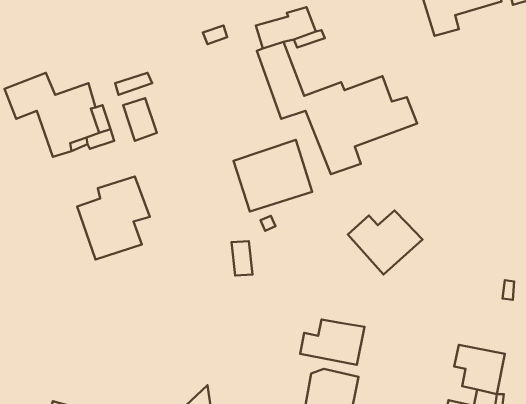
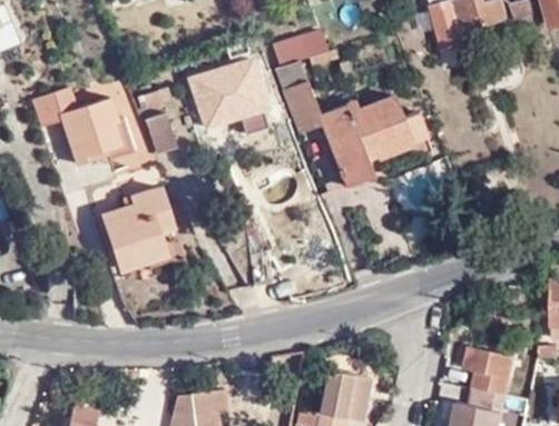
building: [234,140,312,211] -> [186,58,262,127]
building: [348,210,423,274] -> none
building: [300,319,364,365] -> none

